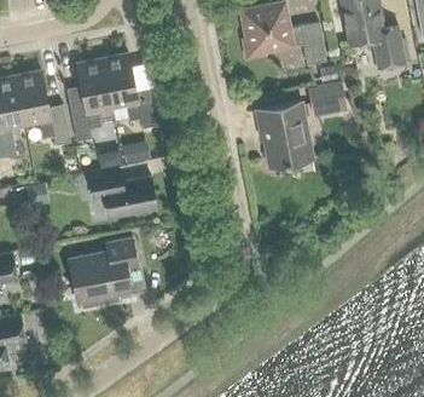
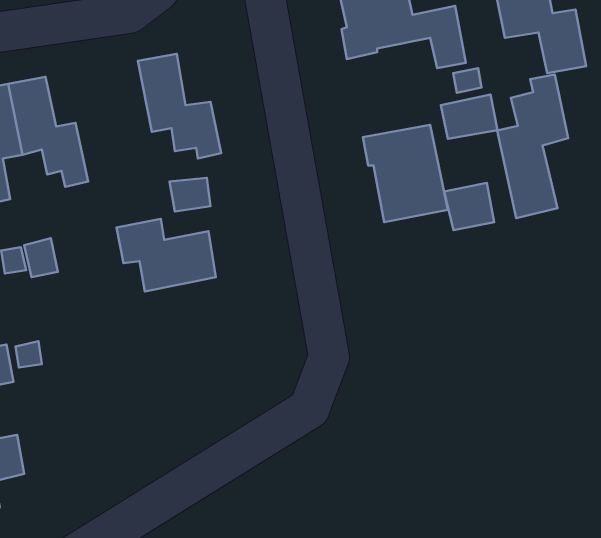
building: [69,61,111,142] -> none
building: none -> [497,75,568,218]
building: none -> [444,183,494,230]
building: [71,238,138,306] -> none

